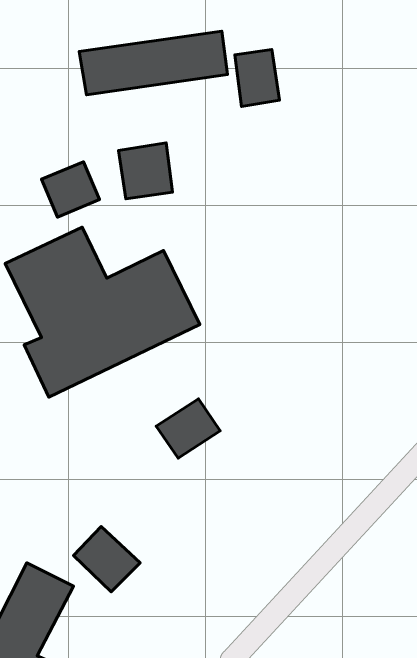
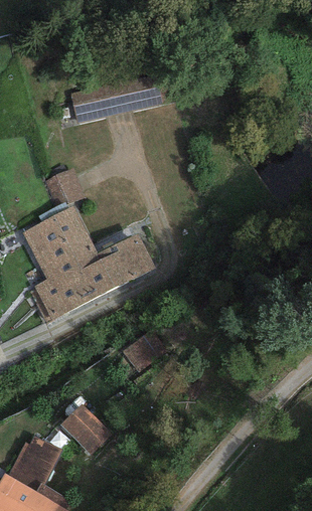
building: [235,50,279,107] -> none
building: [119,143,172,199] -> none

